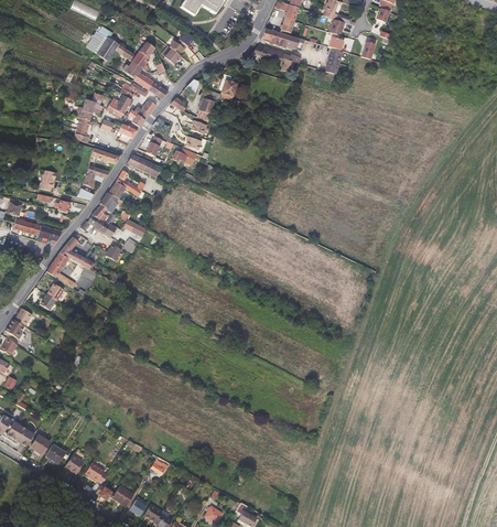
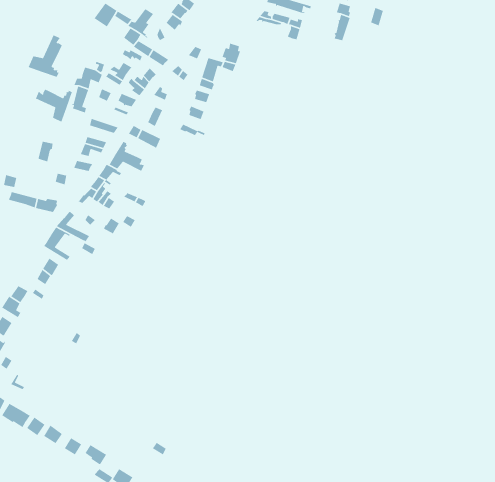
building: none -> [27,34,63,78]
building: none -> [35,88,73,123]

